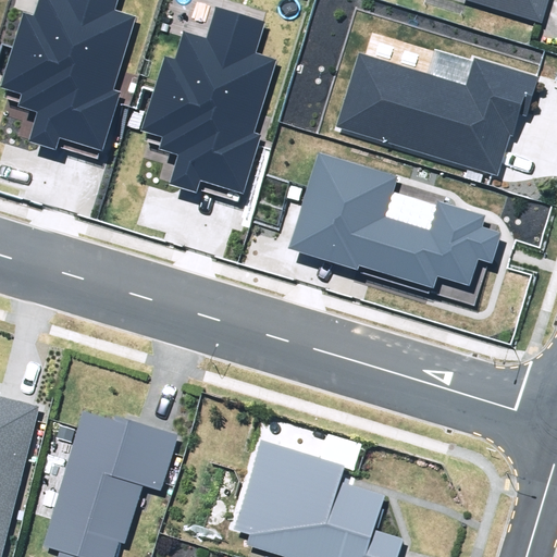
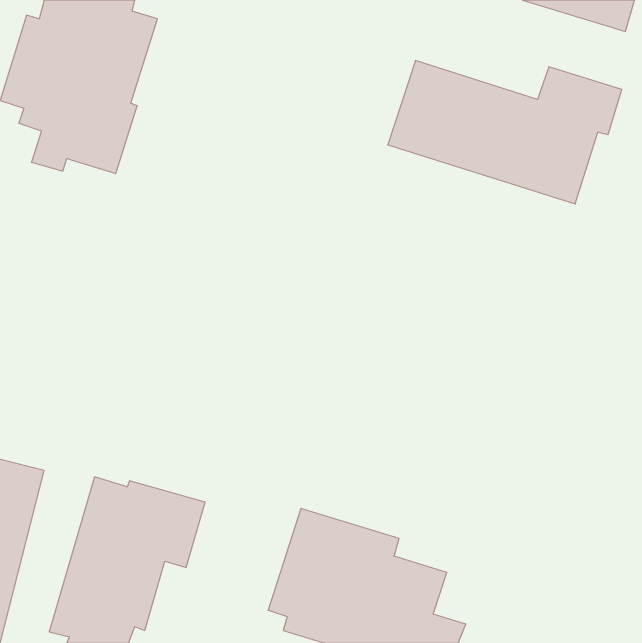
building: [141,7,276,194] -> none
building: [288,152,502,294] -> none

